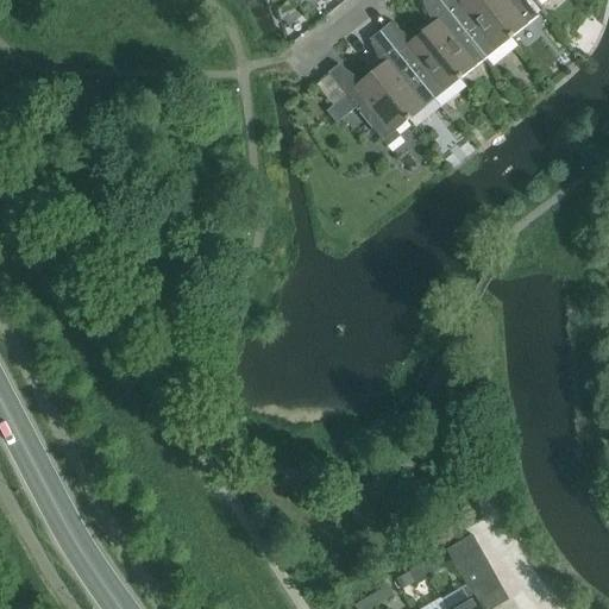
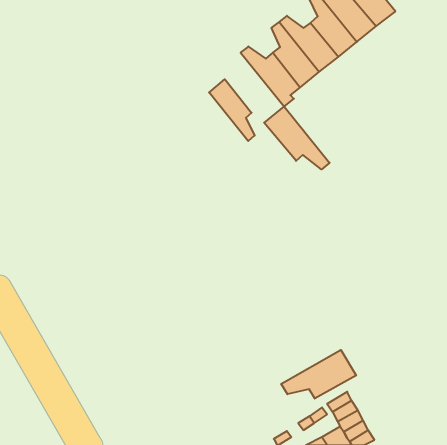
building: none -> [209,79,255,141]
building: none -> [264,107,330,169]
building: none -> [281,350,356,399]

